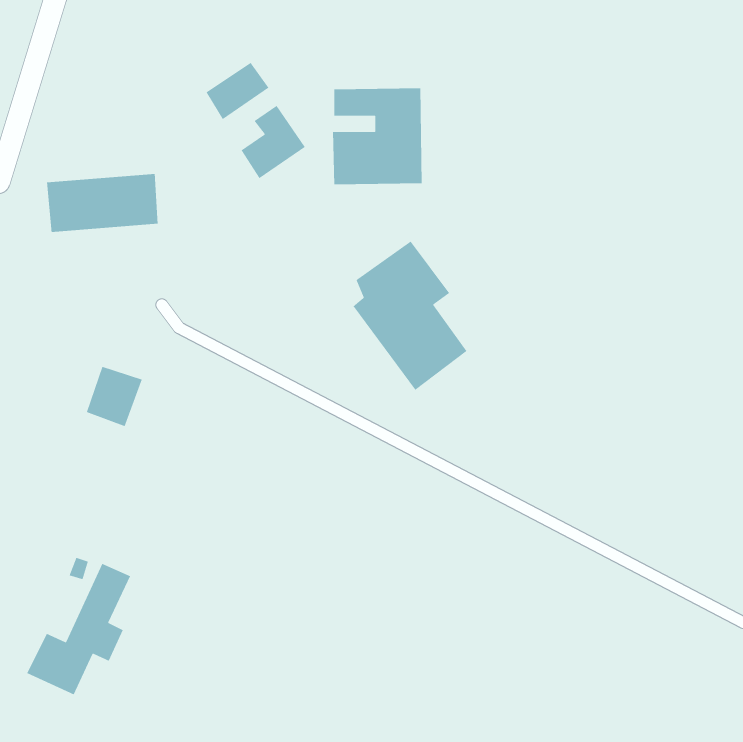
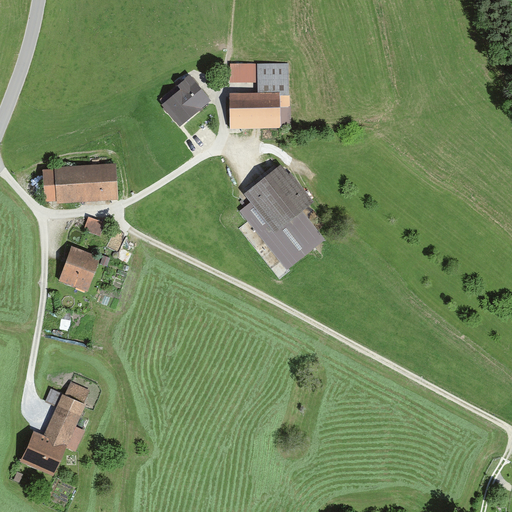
building: [205,62,269,120] -> none
building: [46,173,158,233] -> [38,163,115,204]

